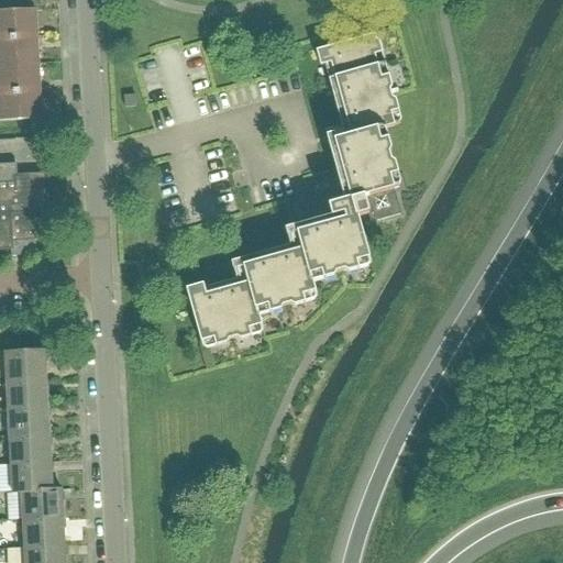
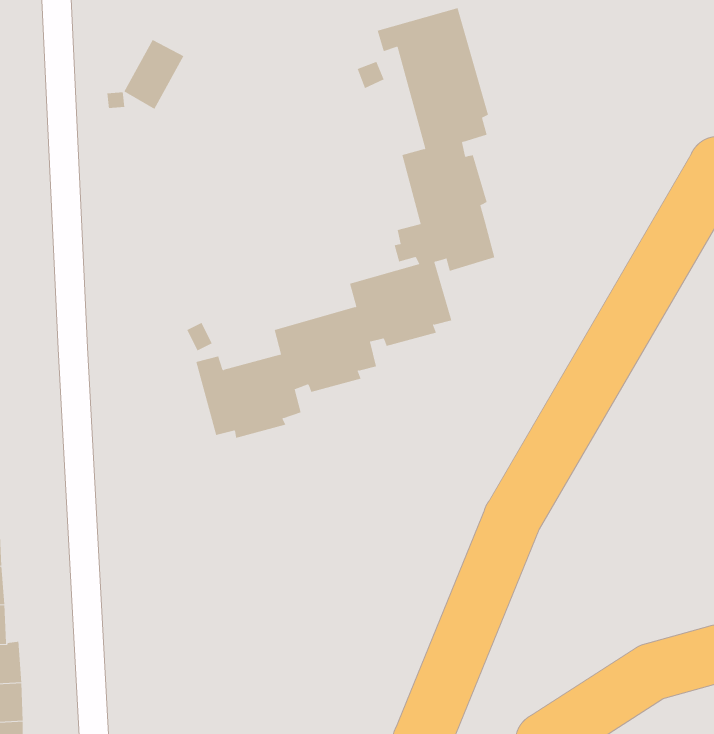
building: none -> [123,39,184,110]

